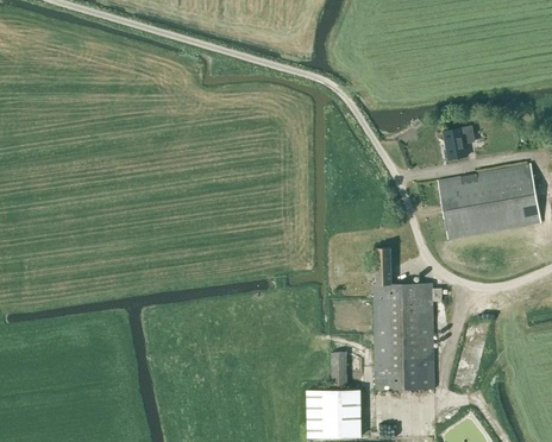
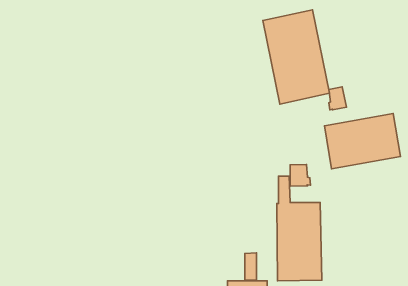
building: none -> [263,10,329,104]
building: none -> [290,164,311,186]

